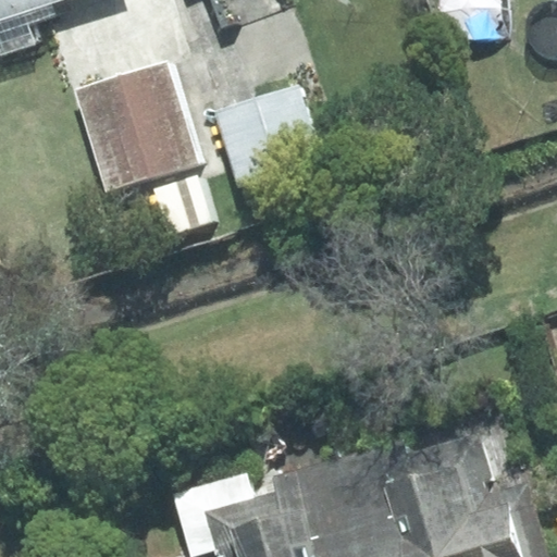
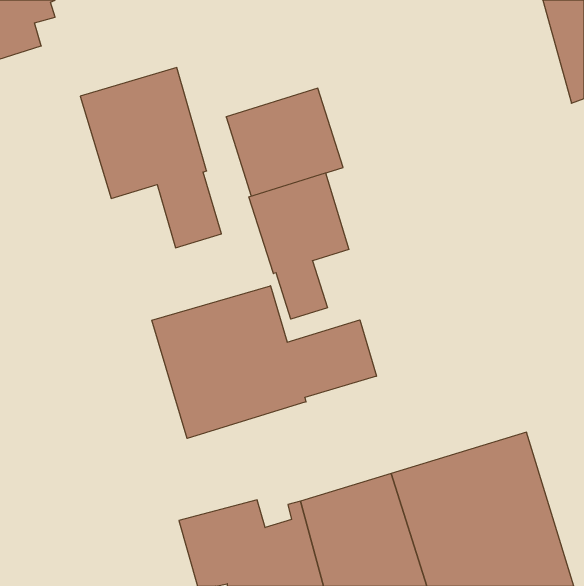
building: none -> [249,173,349,319]
building: none -> [152,286,376,438]

